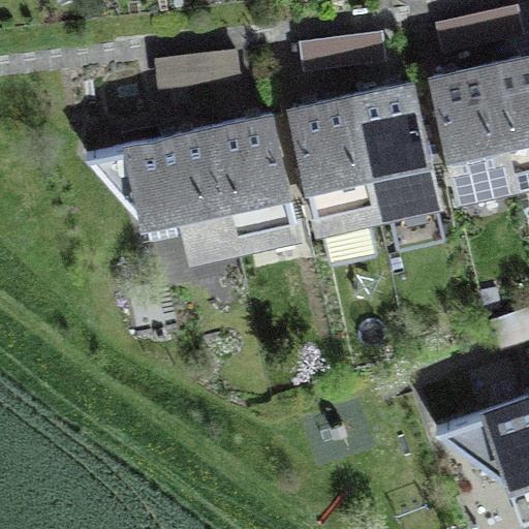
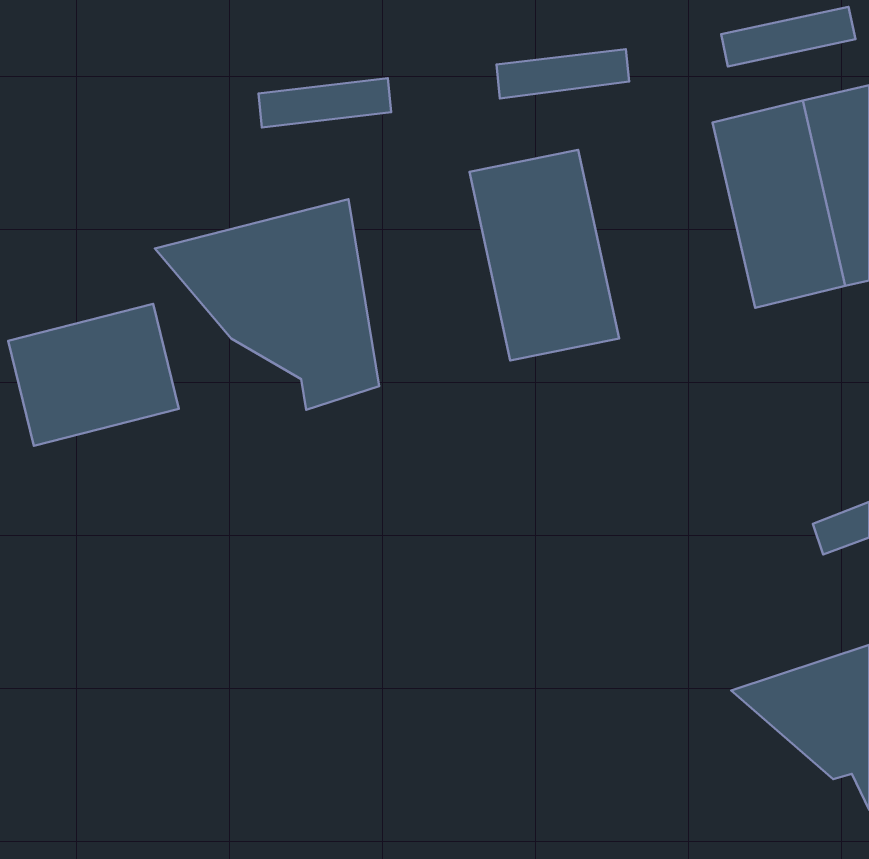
building: [351,85,435,212] -> none
building: [212,117,293,241] -> none
building: none -> [8,304,179,446]

